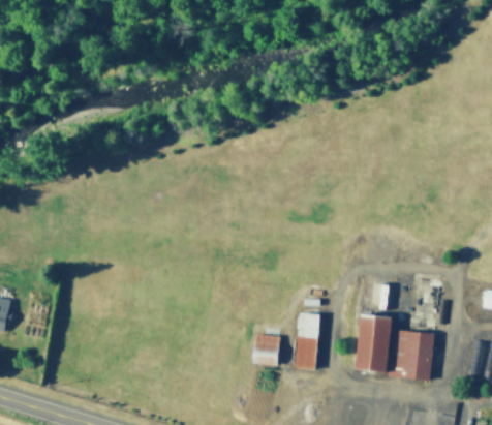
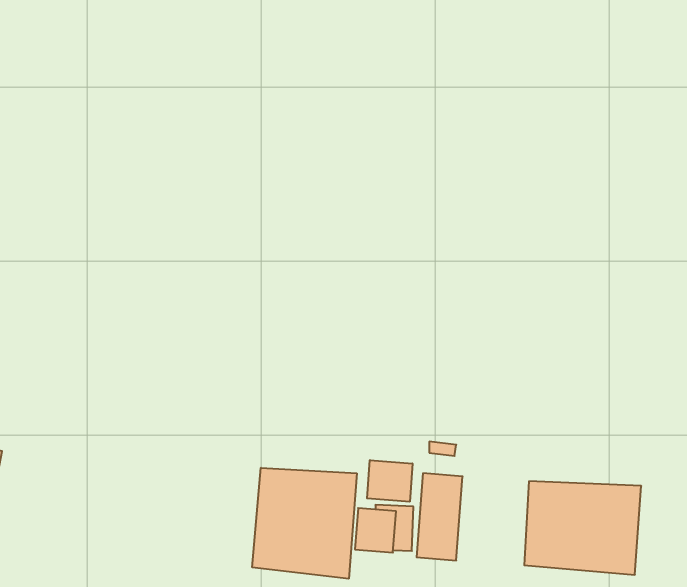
building: none -> [367,460,412,502]
building: none -> [252,468,357,579]

